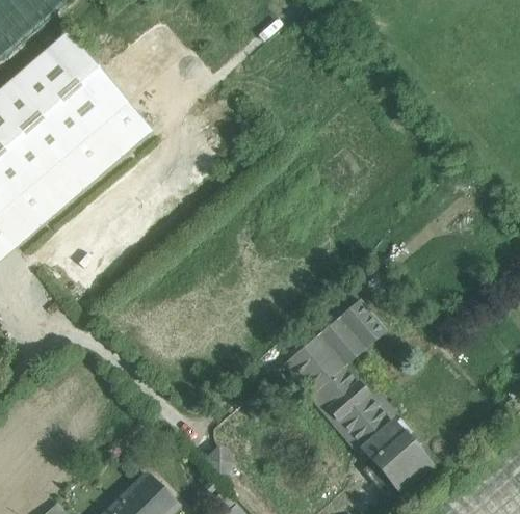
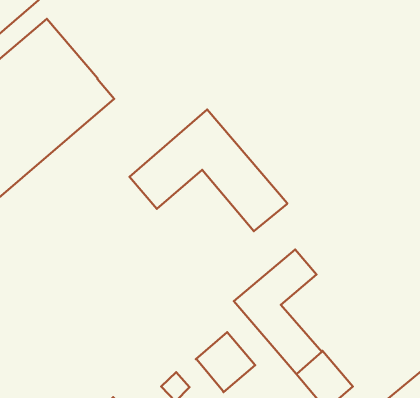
building: none -> [130,109,287,231]
building: none -> [196,332,255,392]

